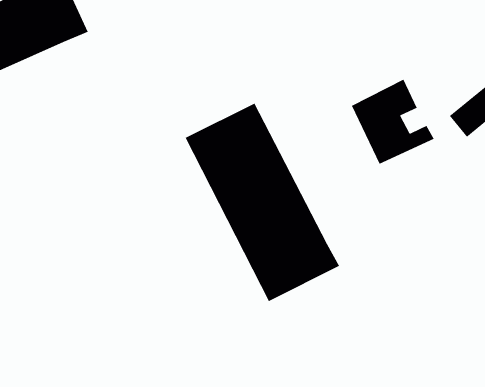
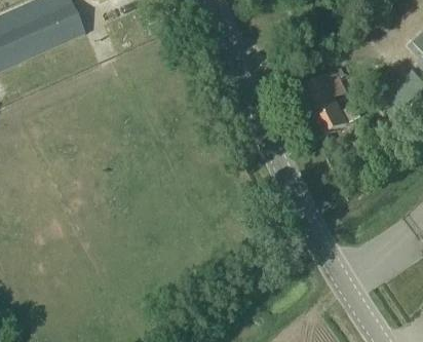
building: [184,102,340,302] -> none

